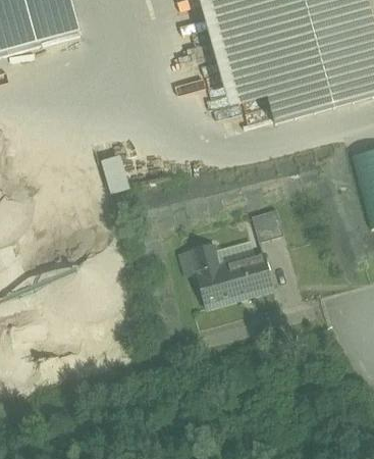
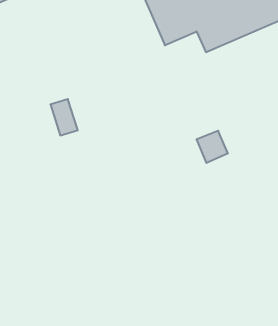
building: [181,240,275,303] -> none

